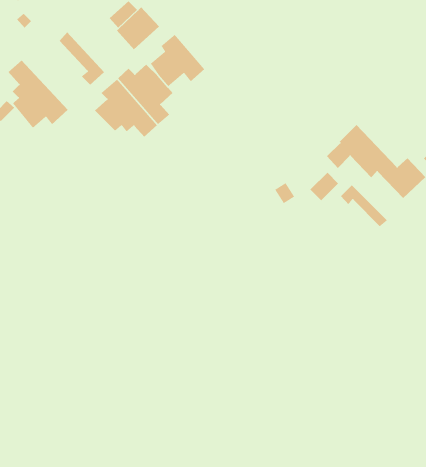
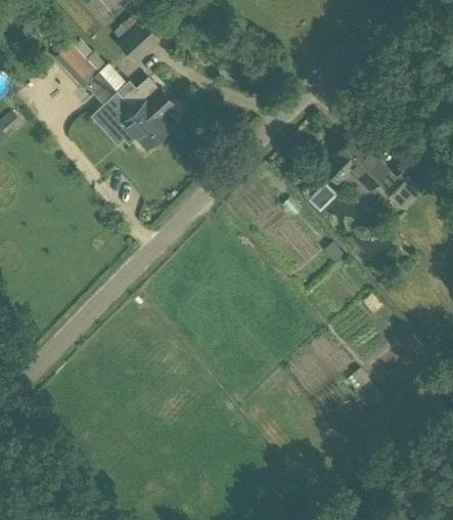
building: [150,34,205,87] -> none
building: [7,59,69,129] -> none
building: [340,184,388,227] -> none

